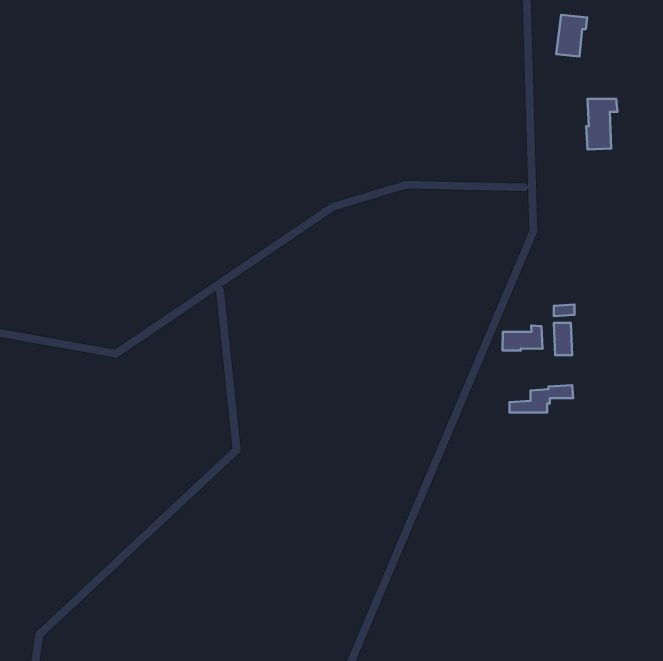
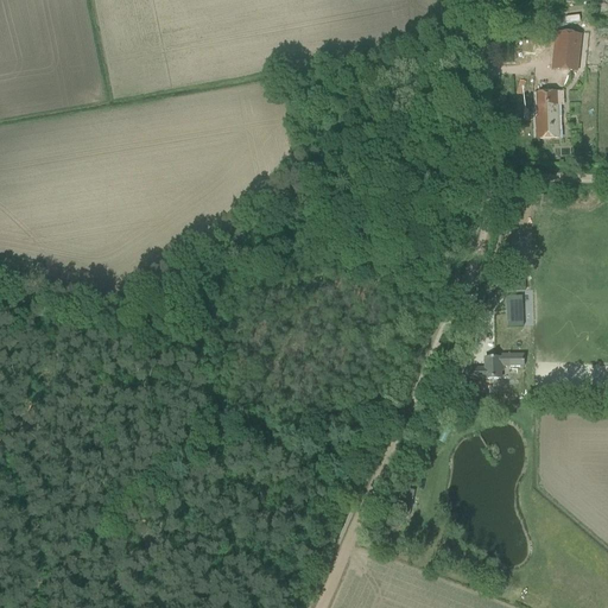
building: [556,15,587,57] -> [553,31,582,69]
building: [503,326,542,351] -> none

